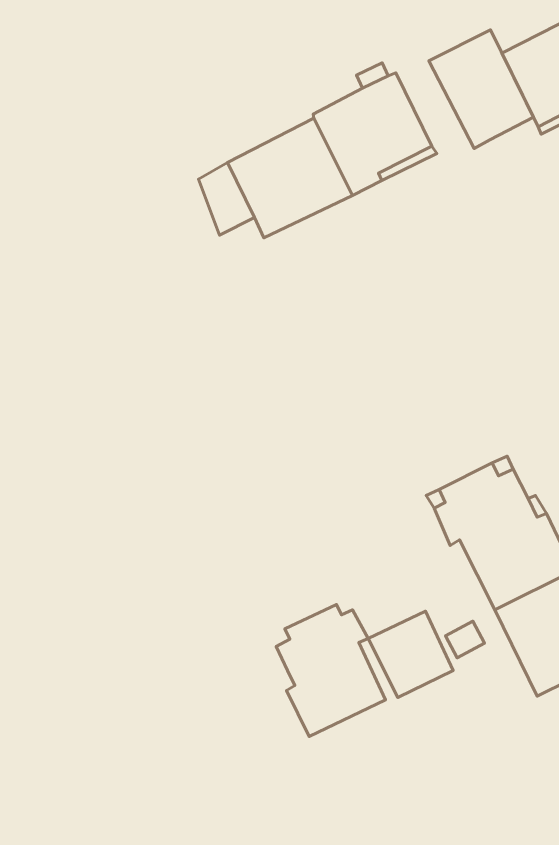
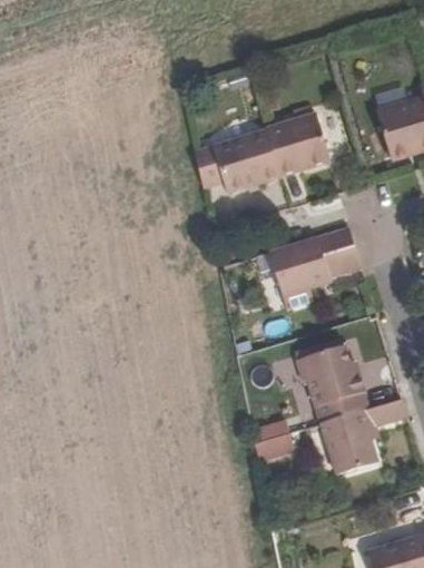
building: [429,30,533,148] -> none
building: none -> [270,228,362,295]
building: [276,604,385,736] -> none

